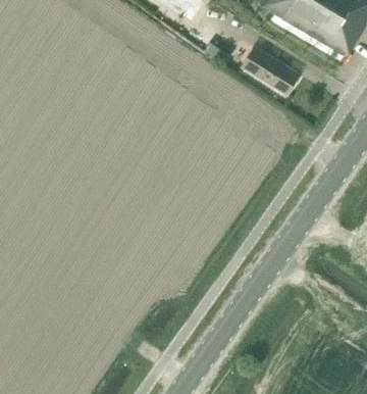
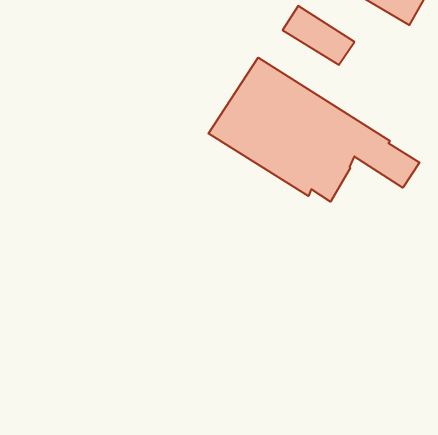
building: none -> [208,58,419,202]

